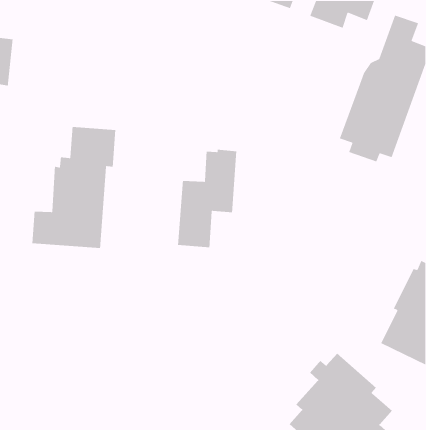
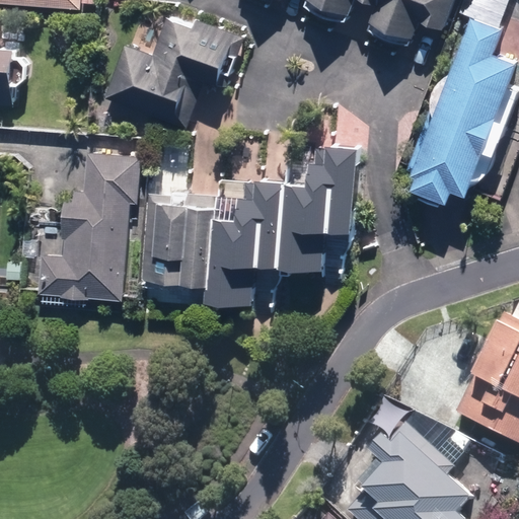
building: none -> [103,18,241,129]
building: none -> [283,147,358,265]
building: none -> [140,195,216,283]

